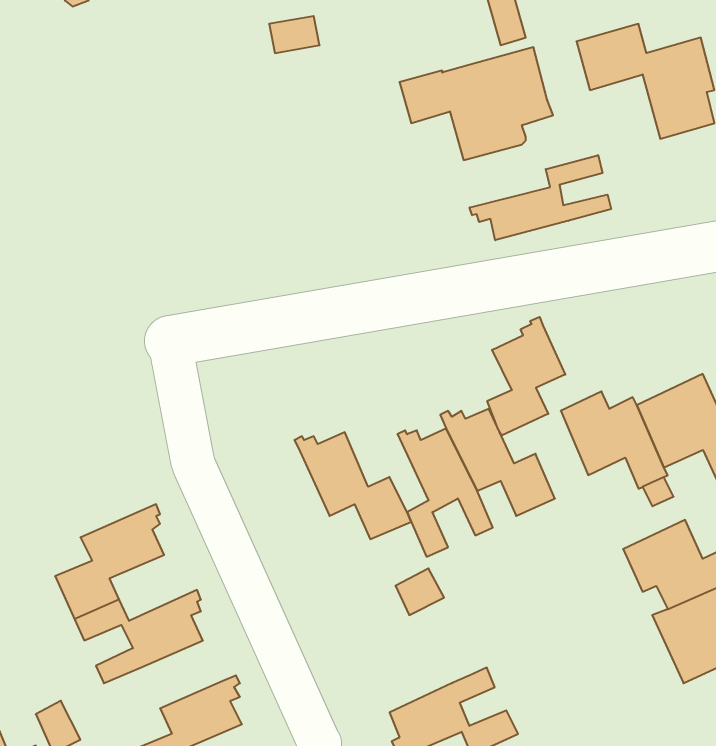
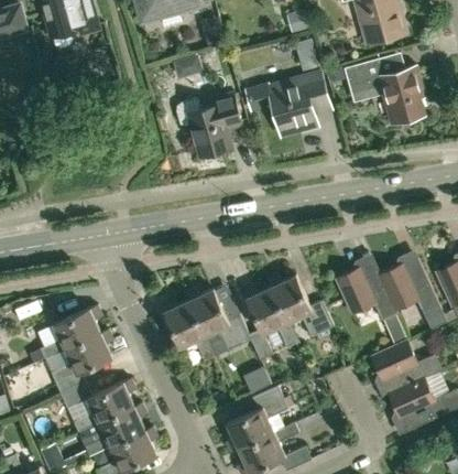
building: none -> [175,94,241,154]
building: [470,155,611,240] -> none
building: [487,317,565,436] -> none
building: none -> [161,300,214,360]
building: none -> [39,304,99,357]
building: none -> [228,385,287,452]
building: none -> [84,402,144,455]

